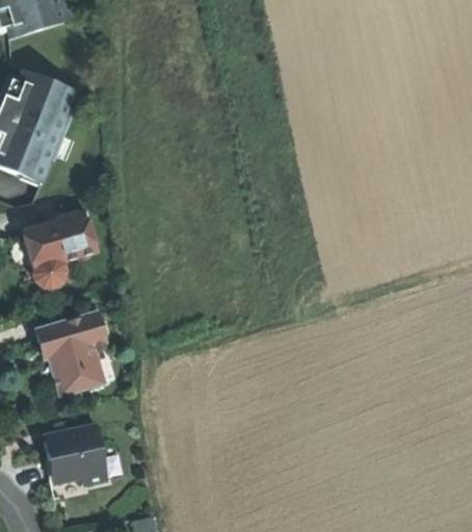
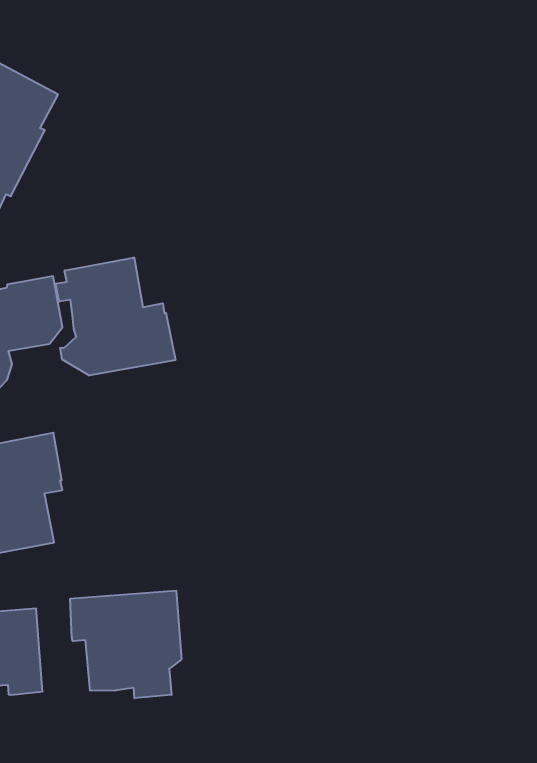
building: none -> [56,257,175,376]
building: none -> [70,591,181,698]

